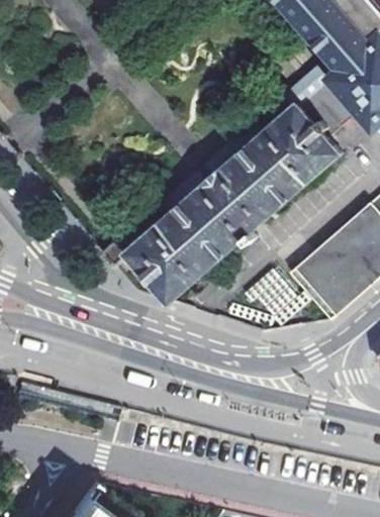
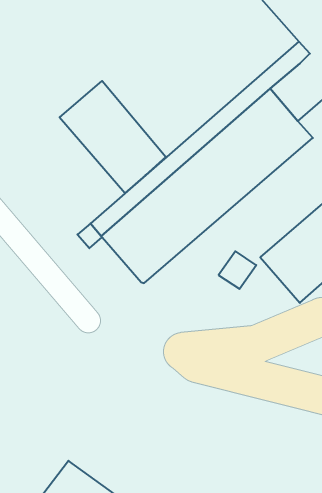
building: none -> [60,81,166,193]

